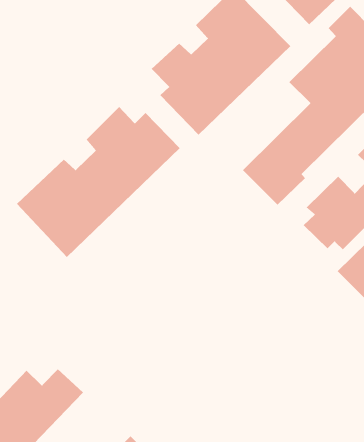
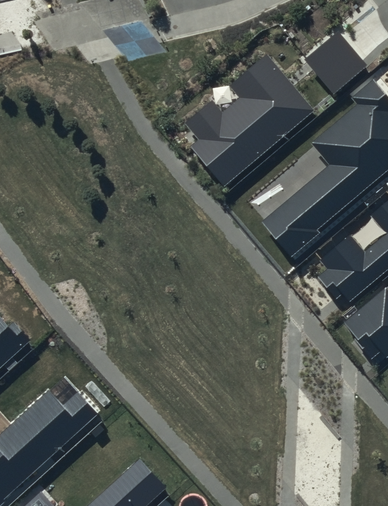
building: [16,106,180,258] -> none

